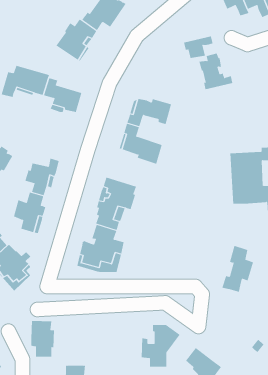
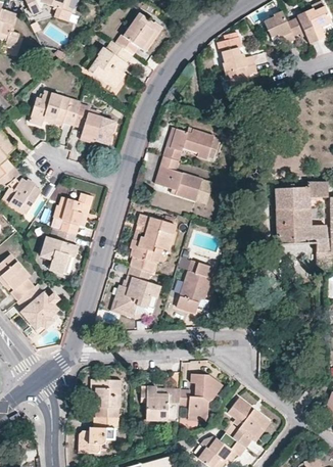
building: [198,53,233,90] -> [218,30,255,69]
building: [222,245,254,292] -> [177,262,211,313]
building: [30,320,55,357] -> [94,378,121,418]
building: none -> [141,383,180,417]

